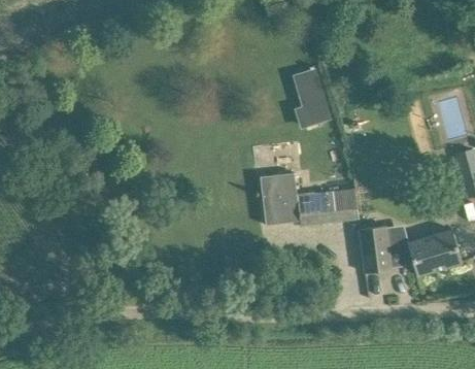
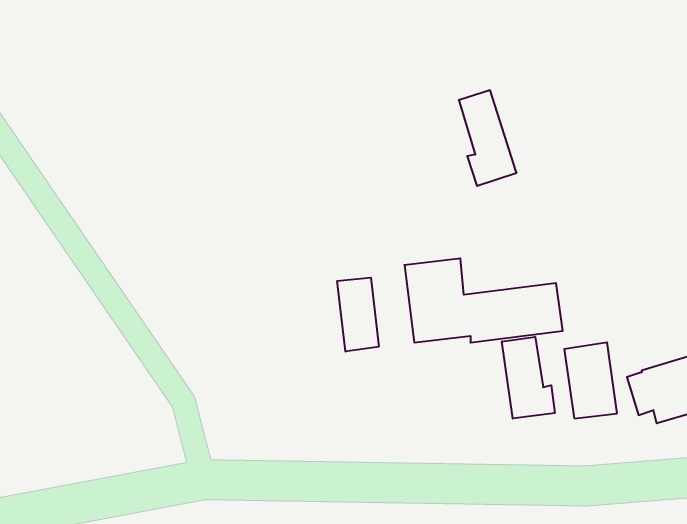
building: none -> [337,278,379,352]
building: none -> [502,337,555,419]

